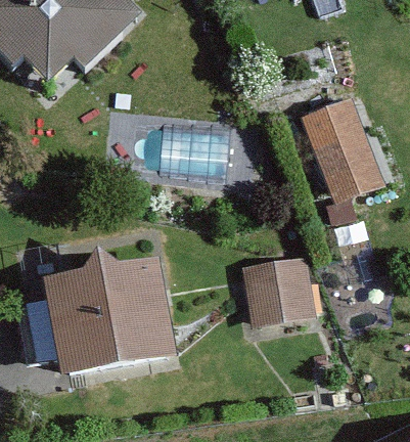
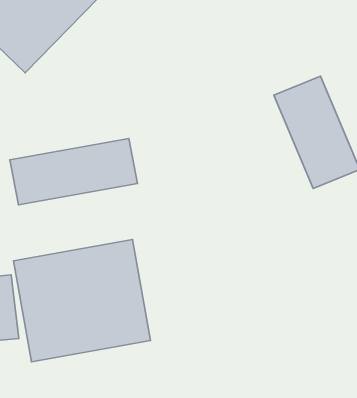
building: none -> [10,138,137,205]
building: [233,248,311,329] -> none

